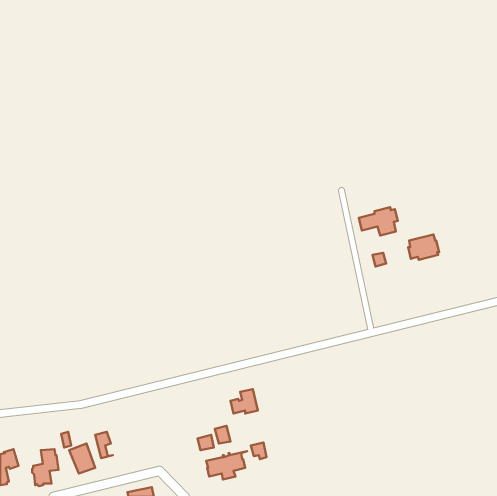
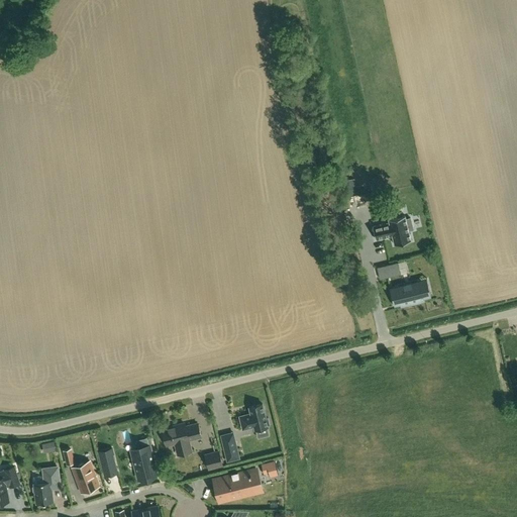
building: [408,235,439,260] -> [394,281,426,307]
building: none -> [163,424,201,455]
building: none -> [131,446,157,480]

